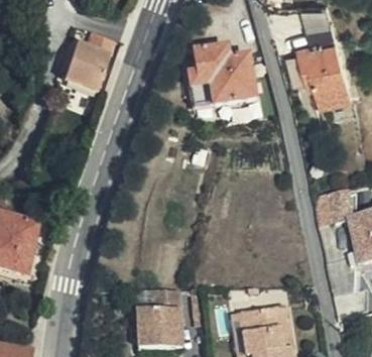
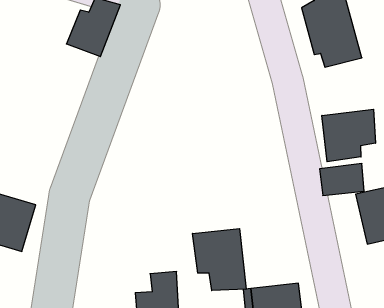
building: [183,45,254,107] -> none
building: none -> [322,109,375,162]
building: none -> [193,229,246,291]

